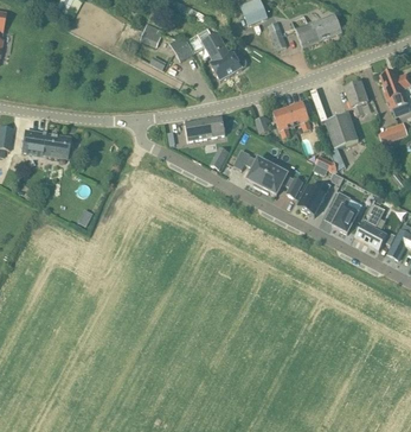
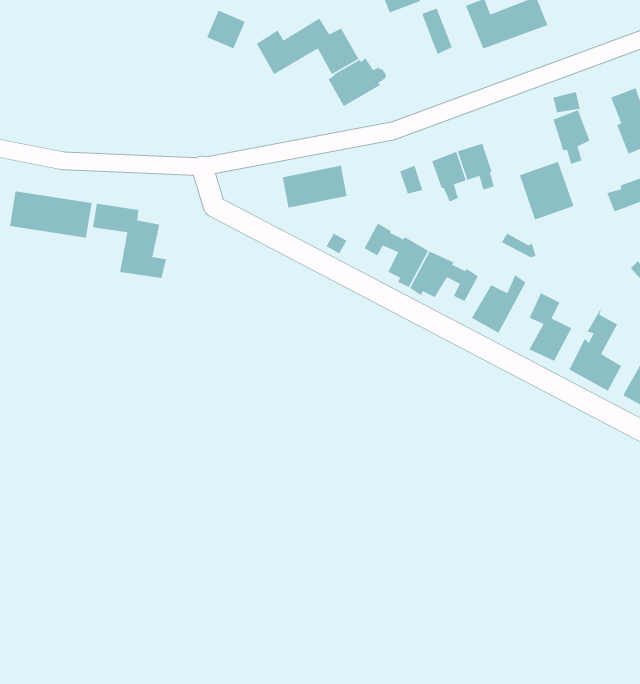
building: none -> [92,203,167,279]

